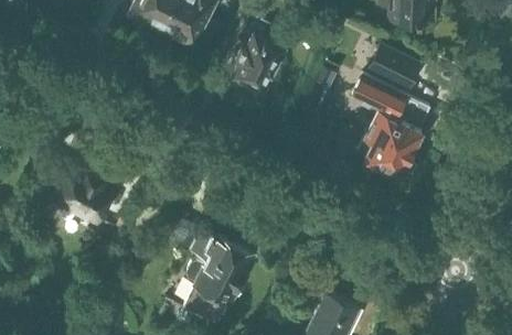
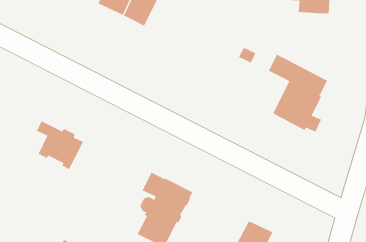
building: [235,18,290,88] -> none
building: [371,43,422,85] -> none

